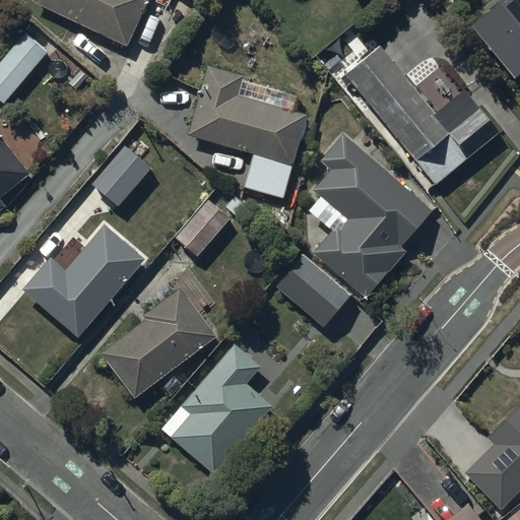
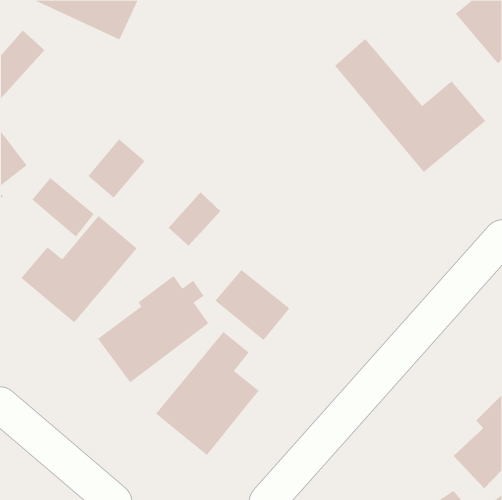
building: [188,65,308,198] -> none
building: [313,134,434,298] -> none
building: none -> [31,177,95,238]
building: [272,253,350,327] -> [215,269,290,341]

